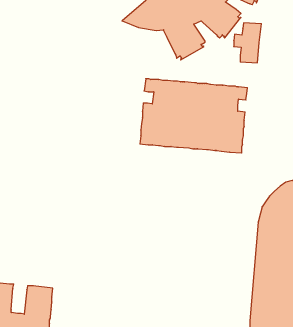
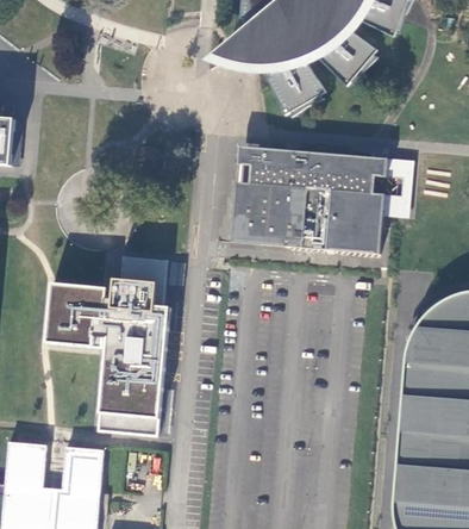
building: [234,23,261,63] -> [373,157,413,216]
building: none -> [46,255,169,435]

